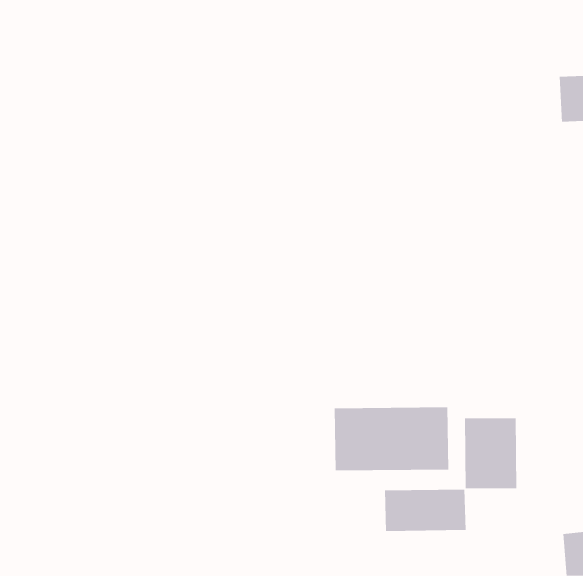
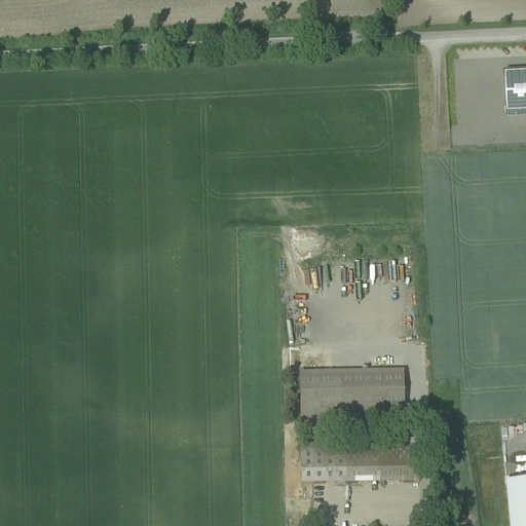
building: [465,418,517,489] -> none
building: none -> [302,441,347,478]

